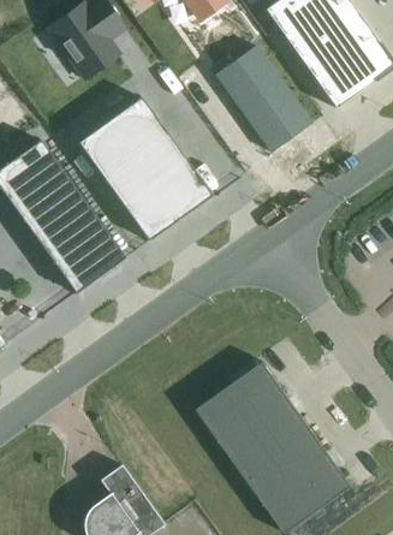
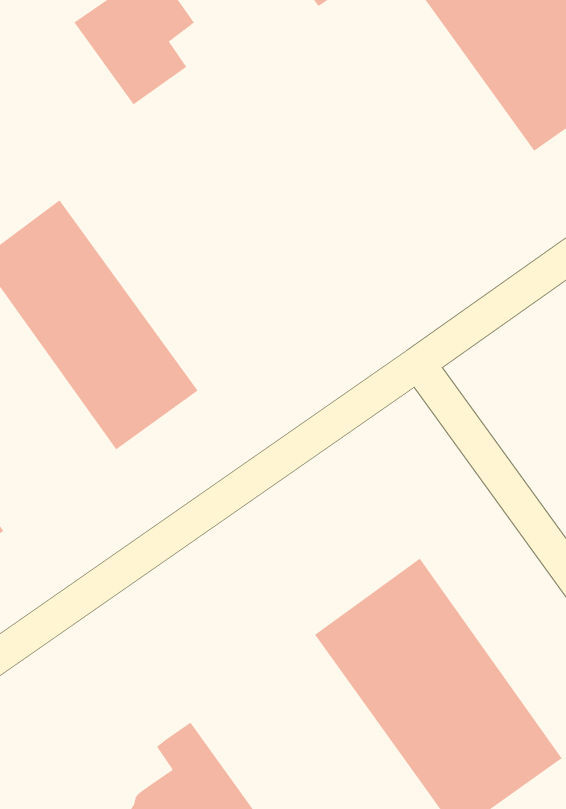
building: [215,44,311,151] -> none
building: [76,95,213,240] -> none

